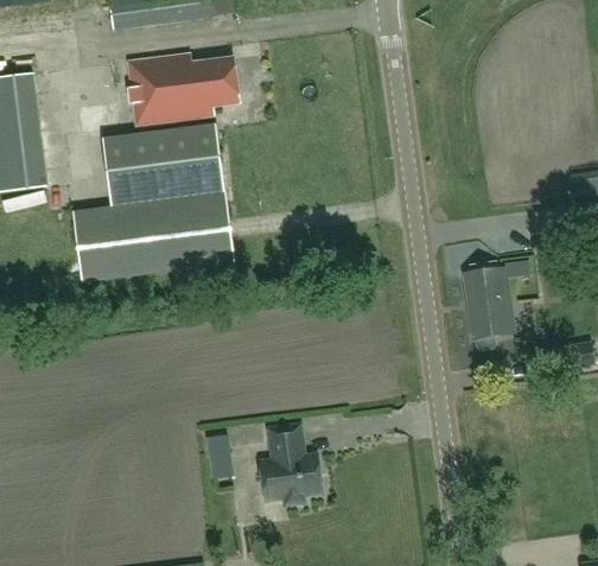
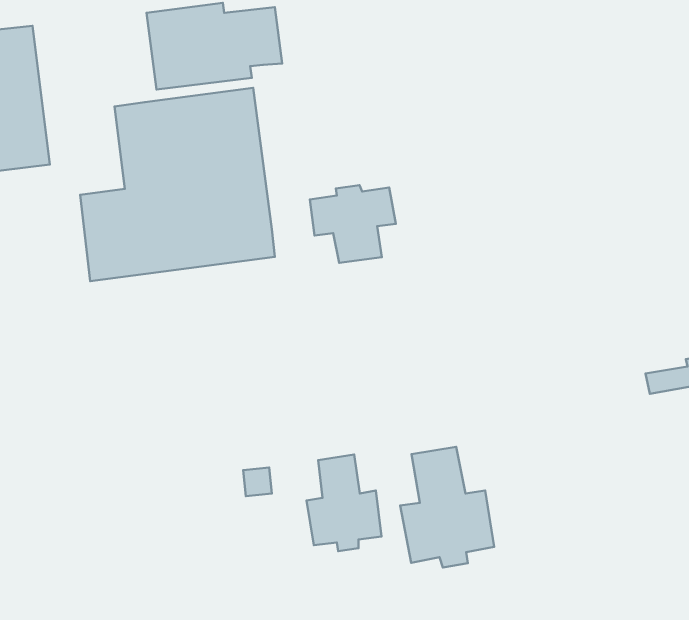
building: none -> [310,185,396,263]
building: [463,267,513,350] -> none
building: none -> [400,447,494,568]

